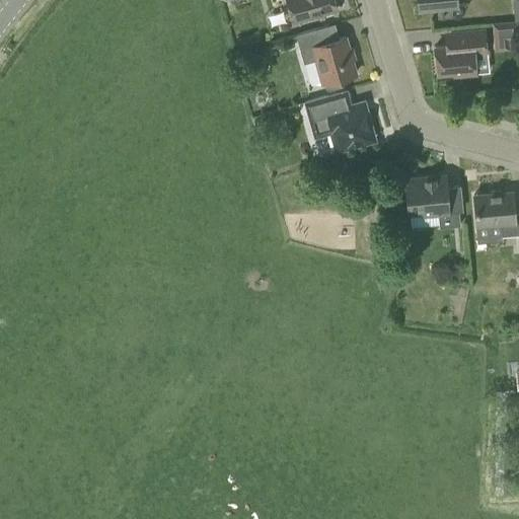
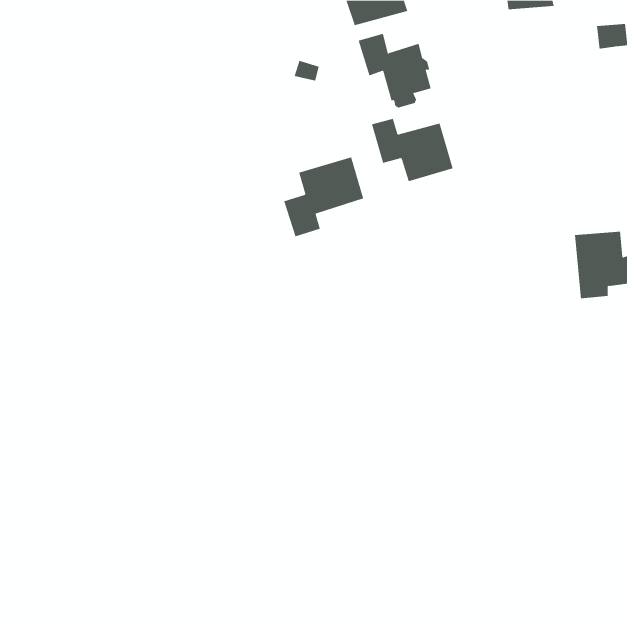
building: [436,29,487,75] -> none
building: none -> [284,156,364,237]
building: [405,175,461,228] -> none

